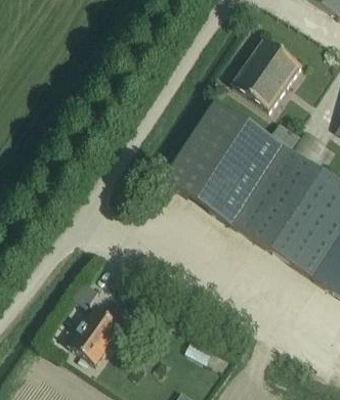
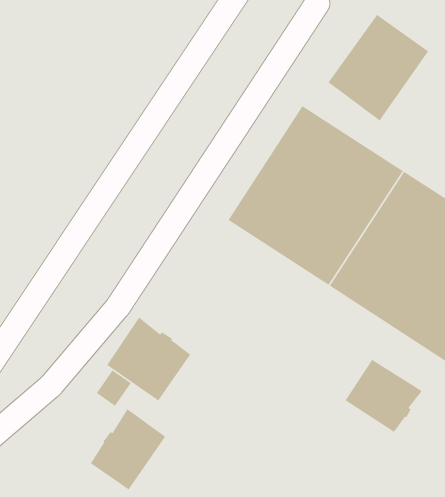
building: none -> [106,317,191,401]
building: none -> [345,359,423,433]

